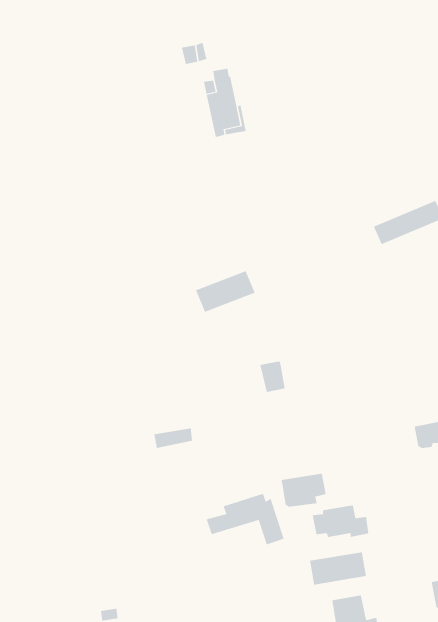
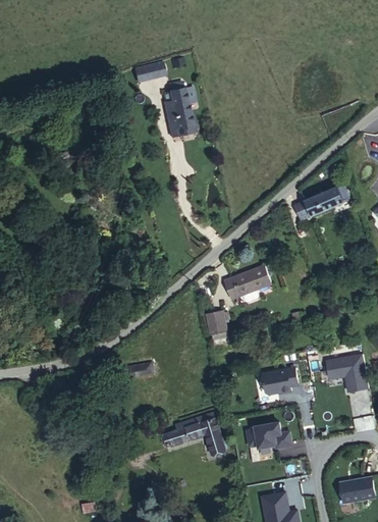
building: [195,271,255,312] -> [224,265,271,298]
building: [281,473,327,507] -> [263,368,299,395]
building: [310,551,366,585] -> none

